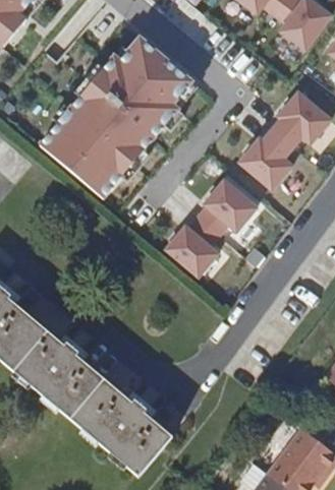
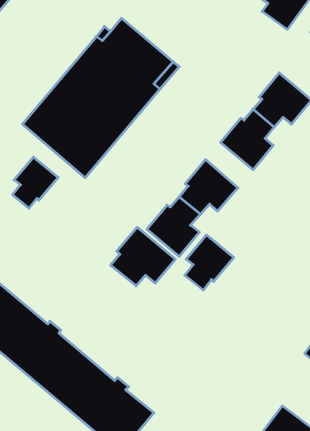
building: none -> [13,157,58,208]
building: none -> [111,227,175,286]
building: none -> [185,235,234,290]

